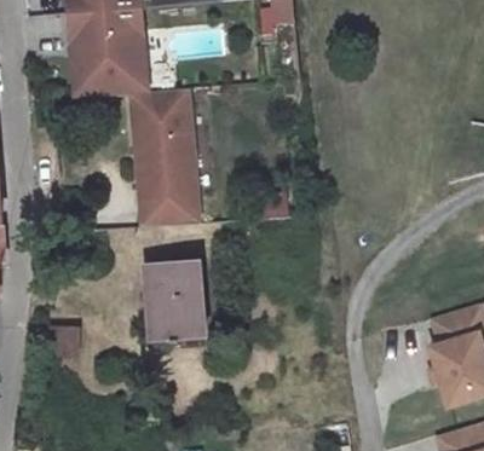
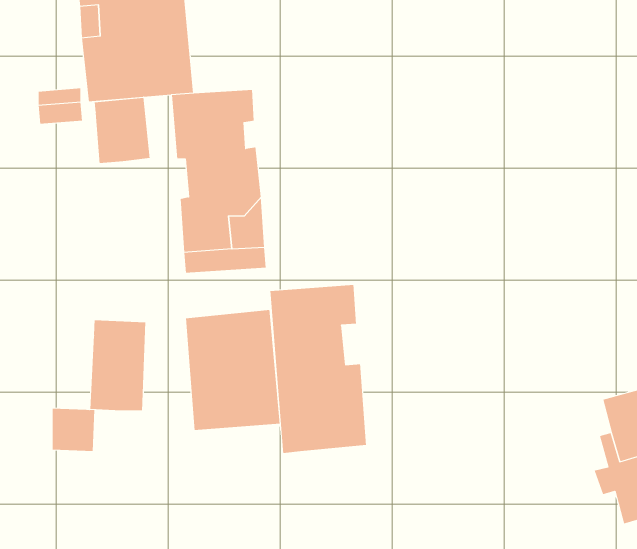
building: none -> [94,97,150,164]
building: none -> [270,284,367,454]
building: none -> [90,320,146,411]

